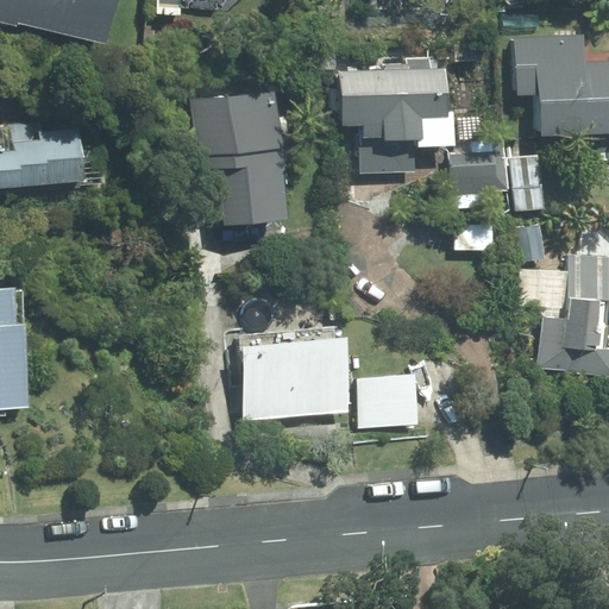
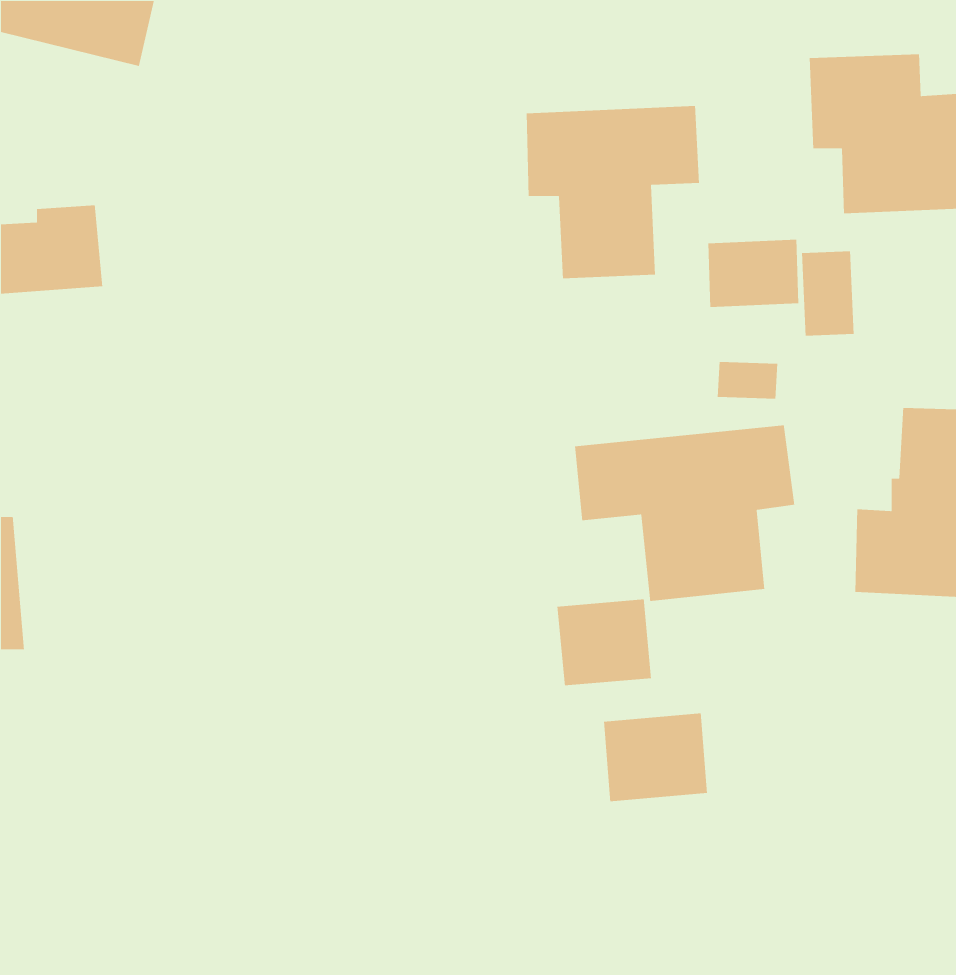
building: [192,90,283,221] -> none
building: none -> [574,424,795,602]
building: [236,335,350,420] -> none
building: none -> [603,712,708,802]

